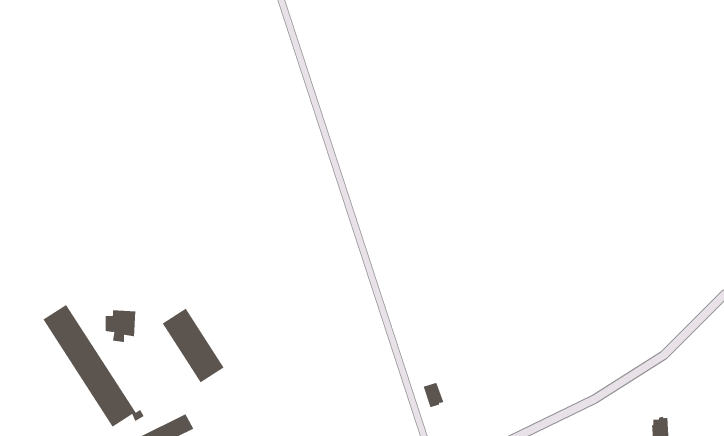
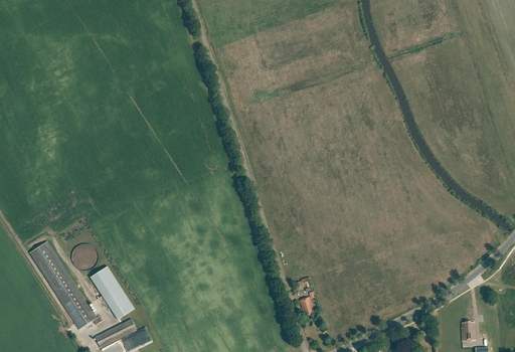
building: [162,308,224,383] -> [91,266,135,319]

